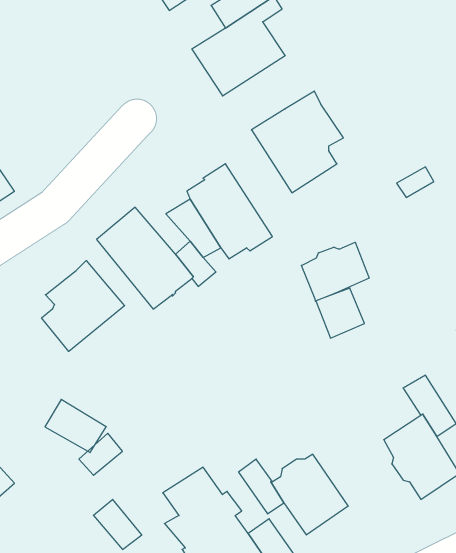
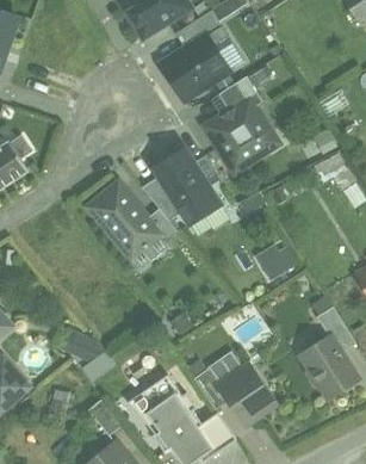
building: none -> [219,76,263,110]
building: [301,242,369,301] -> none
building: [42,261,125,351] -> none

